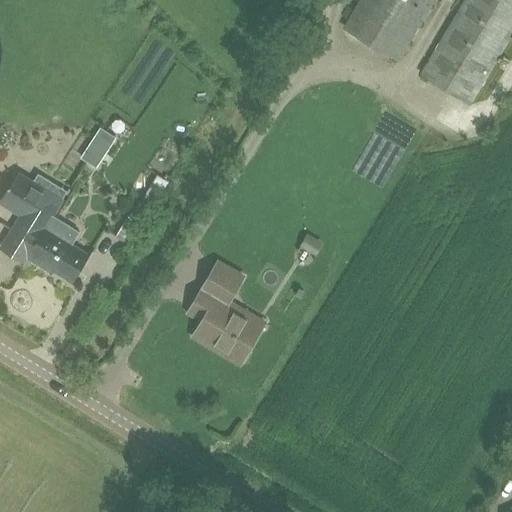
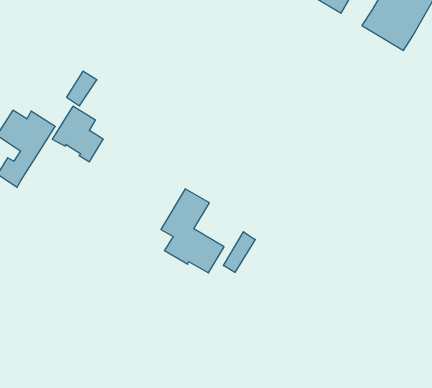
building: [27,215,86,279] -> [52,106,103,162]
building: none -> [223,232,255,272]

